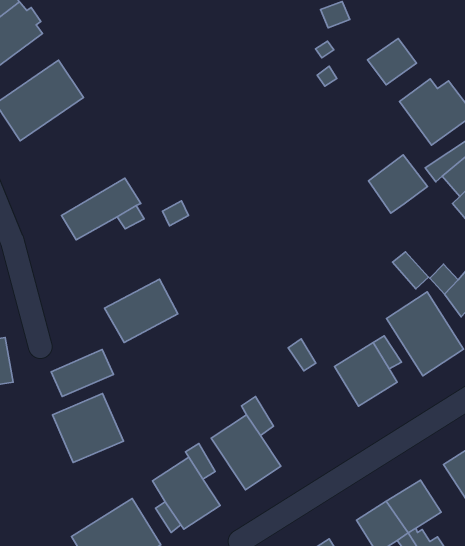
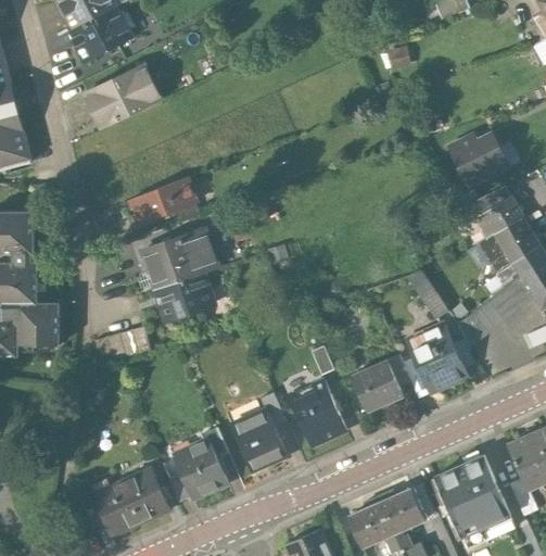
building: [367,39,416,85] -> none
building: [368,155,427,213] -> none
building: none -> [138,228,219,291]
building: none -> [288,377,347,446]
building: [52,393,123,462] -> none

